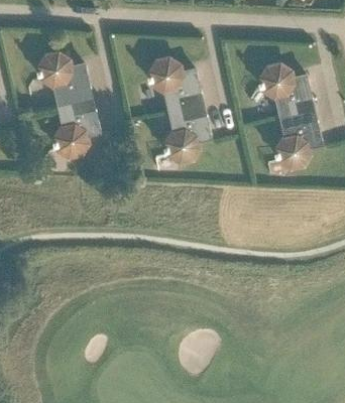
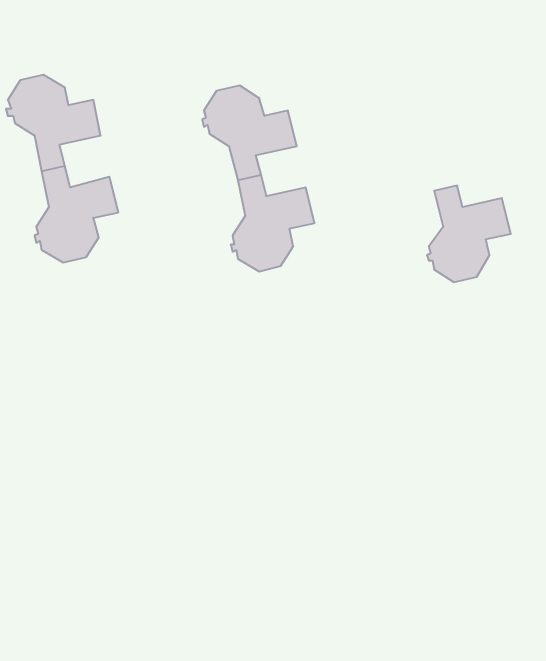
building: [258,63,312,117] -> none

